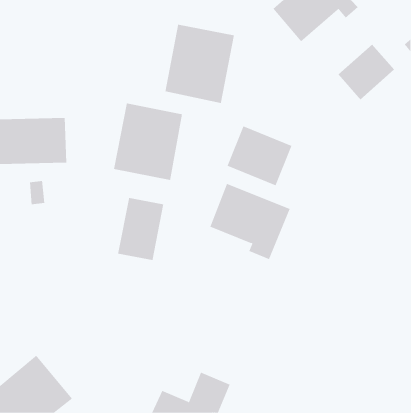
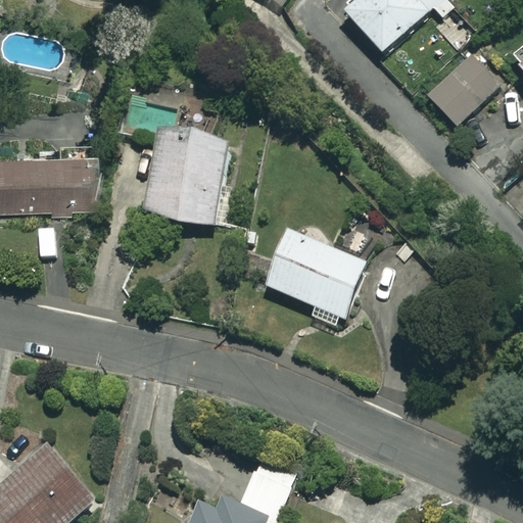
building: [165,24,234,104] -> none
building: [227,126,292,186] -> none
building: [118,197,164,261] -> none

